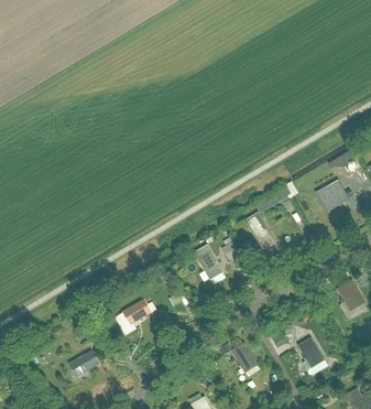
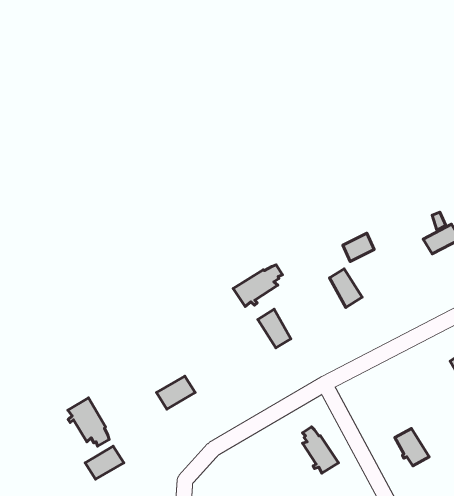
building: none -> [233,265,282,306]
building: none -> [68,398,109,446]

